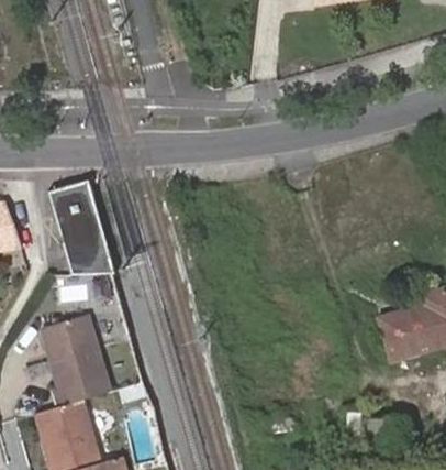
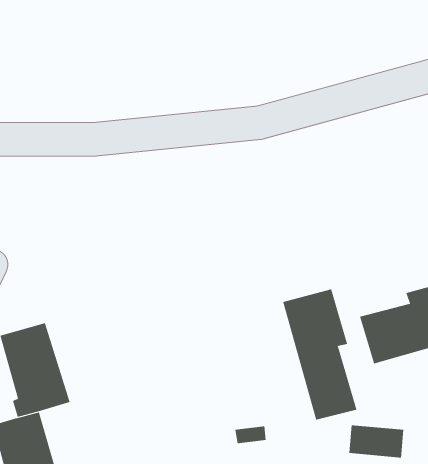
building: [49,182,118,275] -> none
building: none -> [282,288,357,421]

